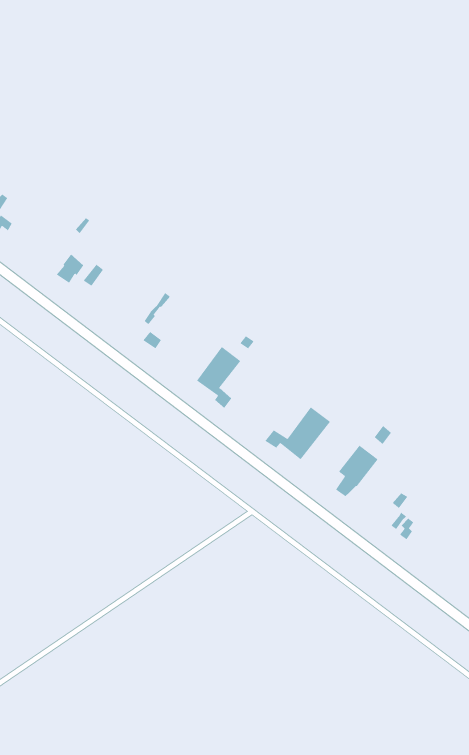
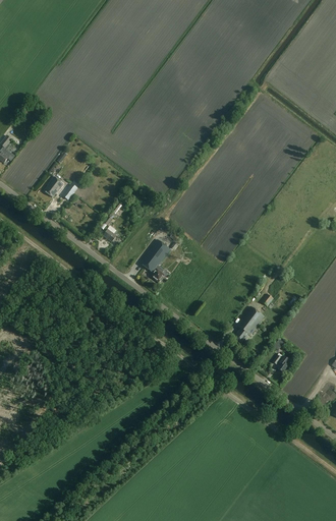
building: [265,407,331,460] -> none

